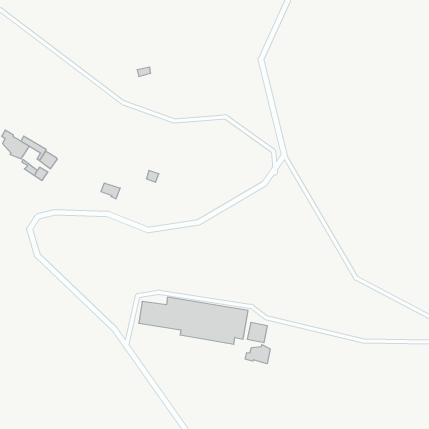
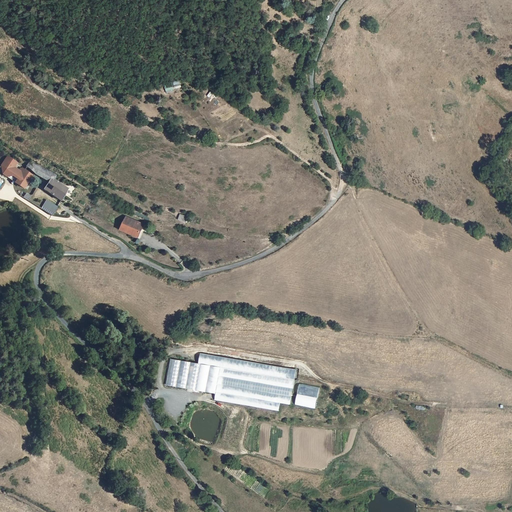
building: [245,345,270,364] -> none

